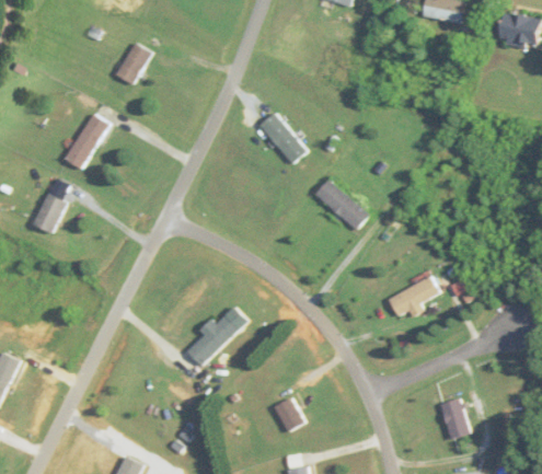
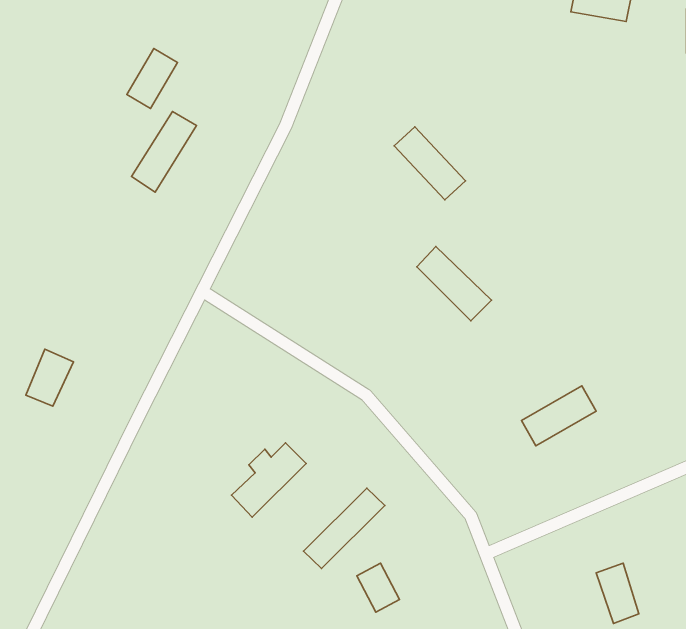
building: [64,113,108,169] -> [131,111,196,192]
building: [257,113,307,163] -> [394,127,465,200]
building: [33,193,66,232] -> [26,349,73,406]
building: none -> [304,488,385,569]

